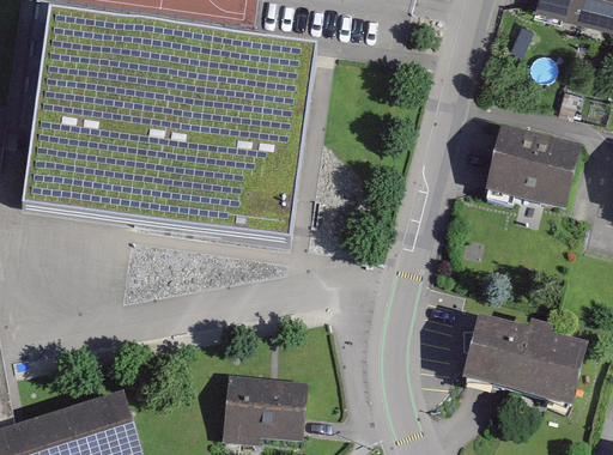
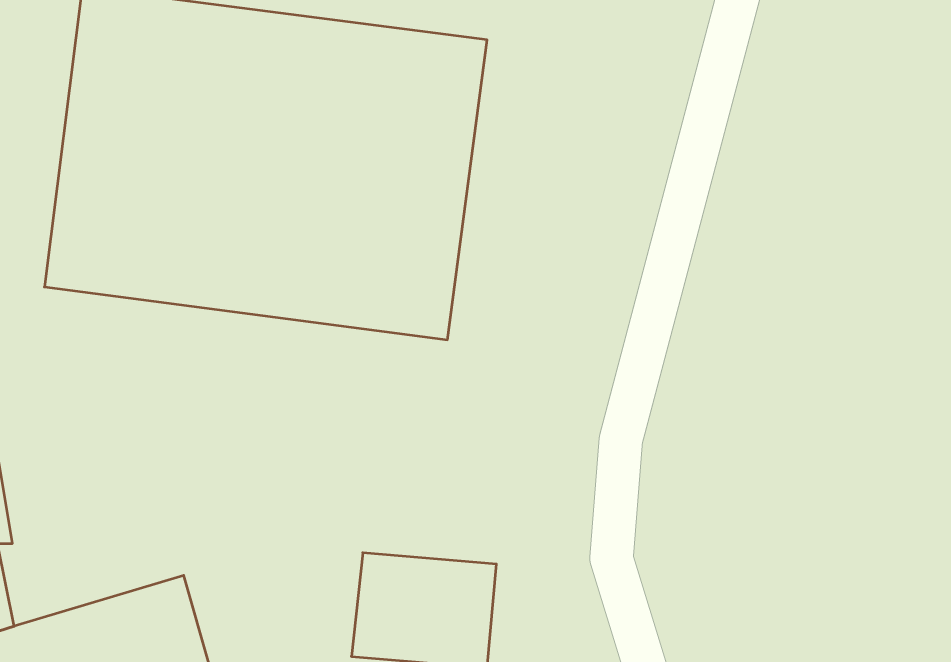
building: [477,120,576,206] -> none
building: [455,308,588,406] -> none

